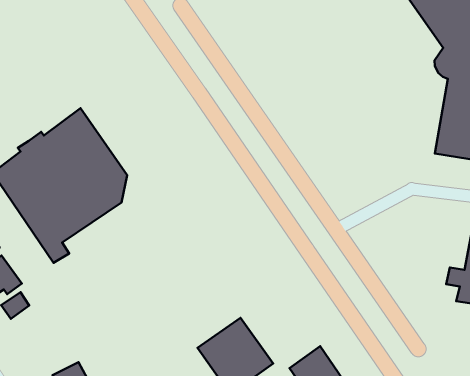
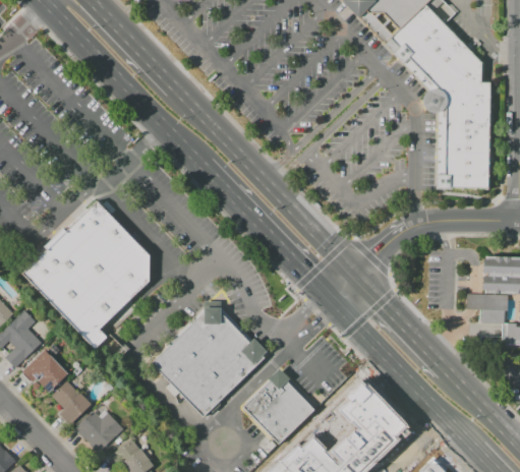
building: none -> [151,303,266,418]
building: none -> [60,394,92,424]
building: none -> [75,405,123,453]

